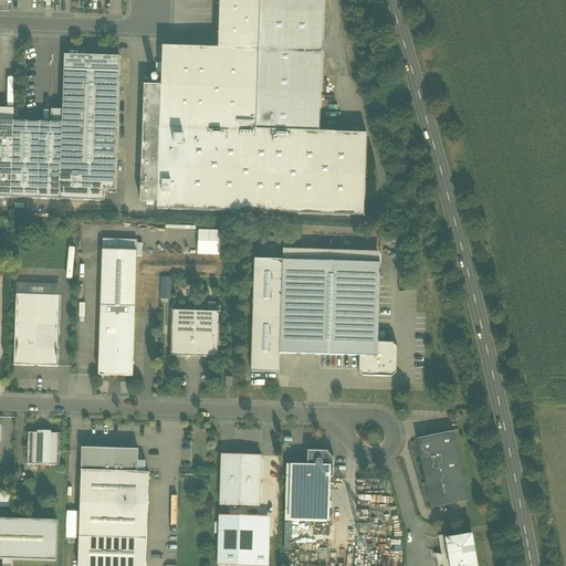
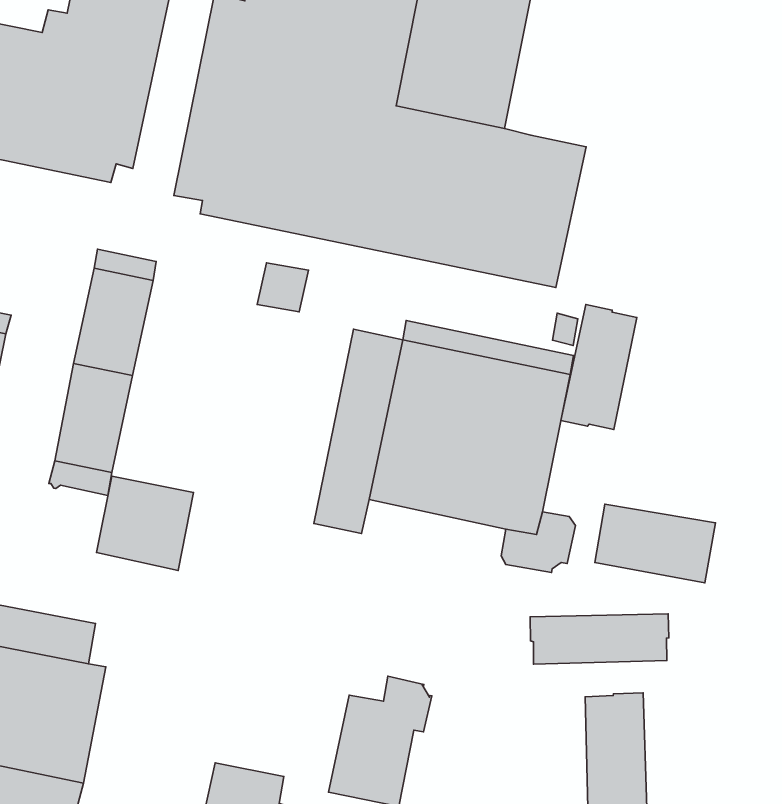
building: none -> [561,305,637,430]
building: [170,308,219,355] -> [97,476,194,571]
building: none -> [595,504,715,583]
building: none -> [530,614,669,664]
building: [220,452,261,503] -> none

